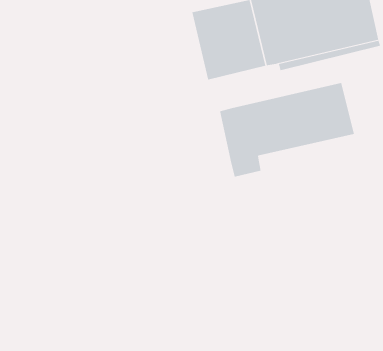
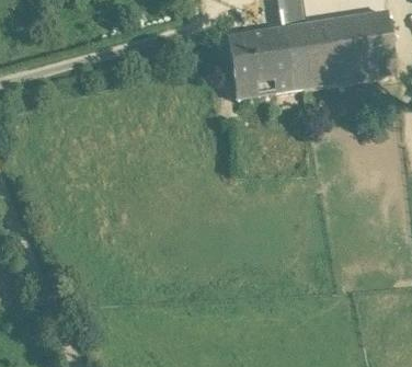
building: [219,82,354,177] -> none

